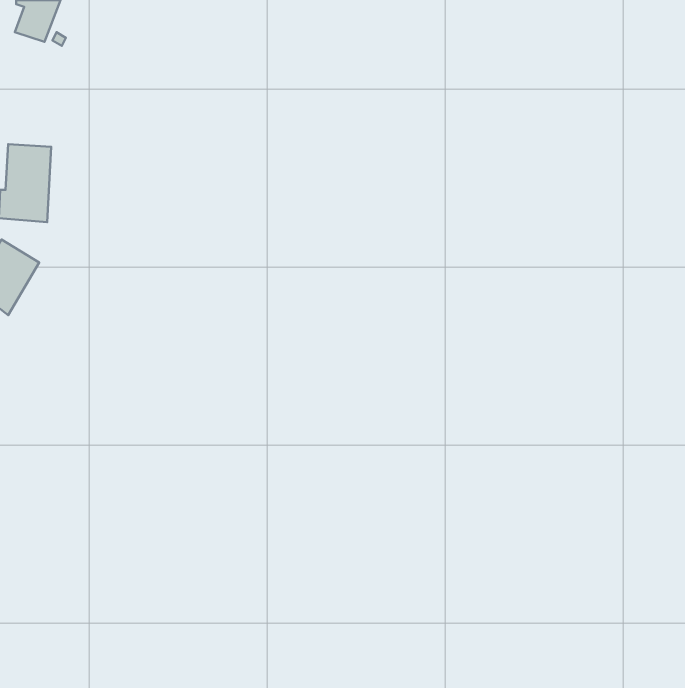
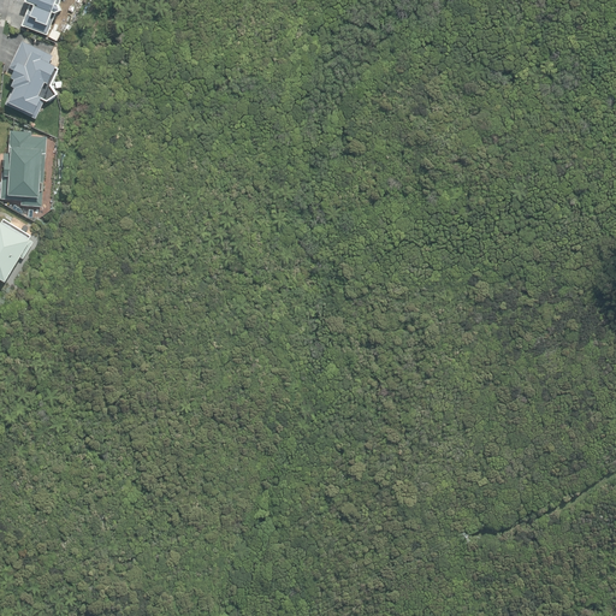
building: none -> [5,40,58,118]

